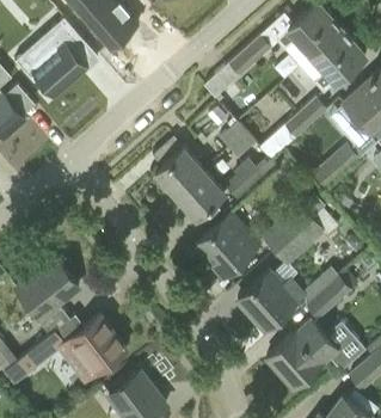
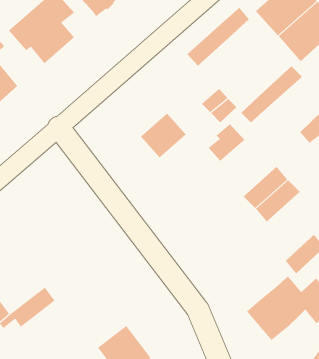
building: [173,171,222,220] -> none
building: [193,214,258,278] -> none
building: [14,258,78,324] -> none
building: [236,272,302,331] -> none
building: [57,316,125,383] -> none

